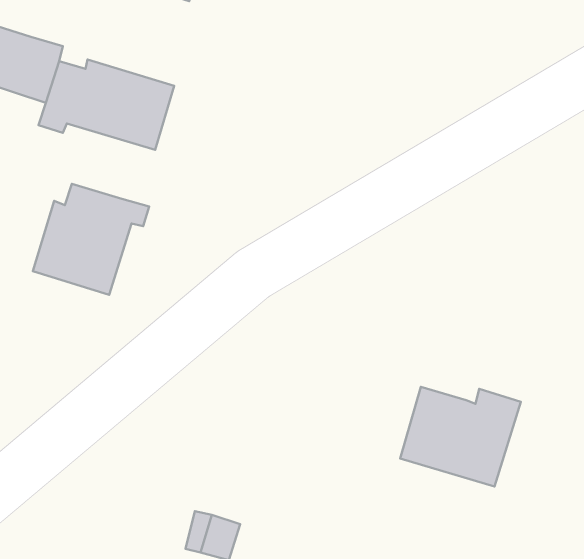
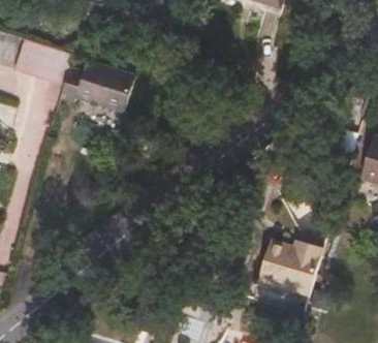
building: [33,184,149,295] -> none

